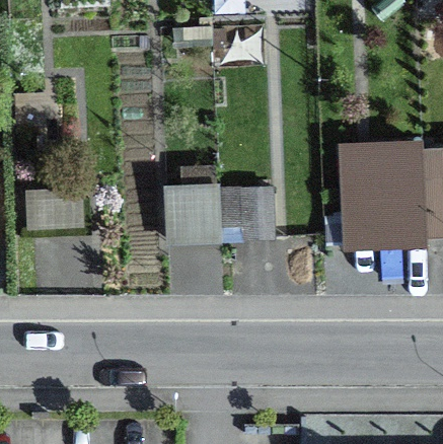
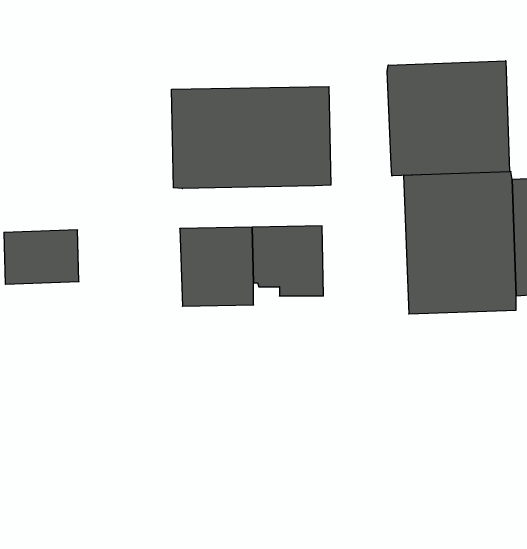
building: none -> [387,61,510,176]
building: none -> [172,87,331,189]

